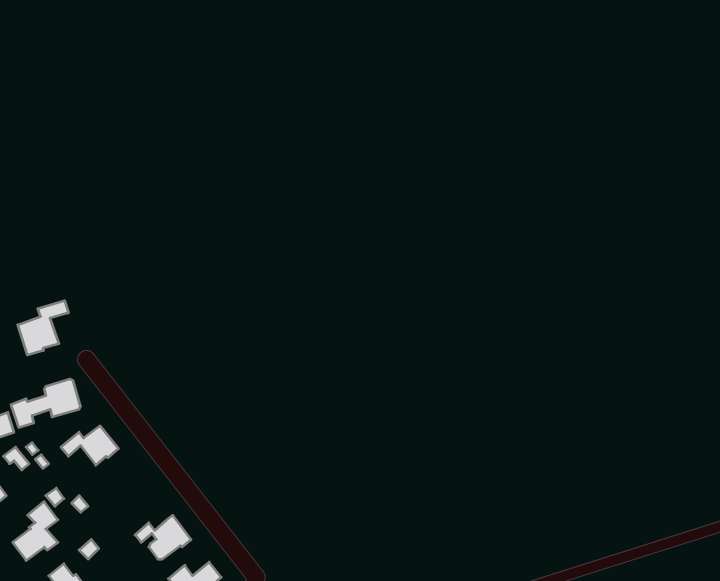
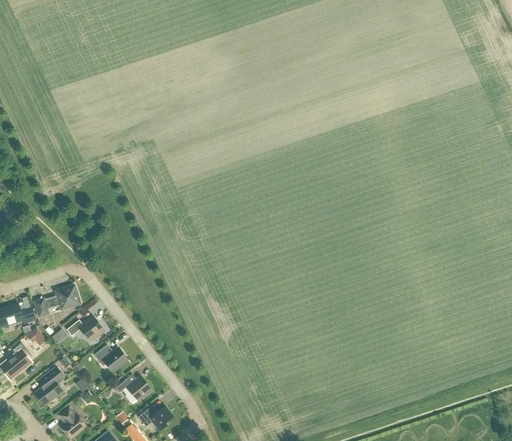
building: [18,301,68,355] -> none
building: none -> [94,344,128,370]

